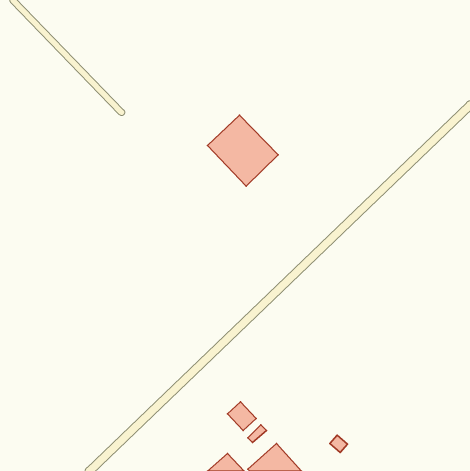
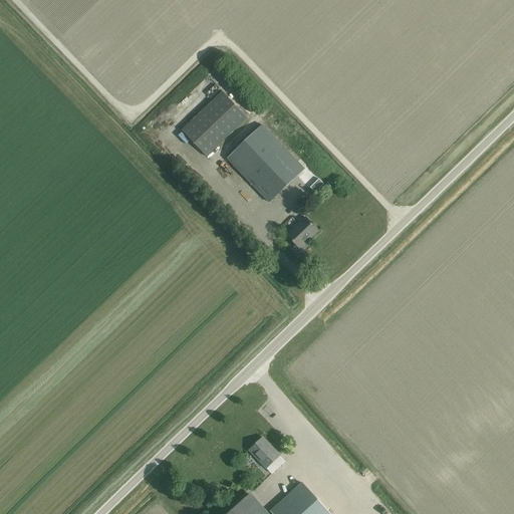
building: none -> [181,92,246,157]
building: none -> [286,218,317,248]

